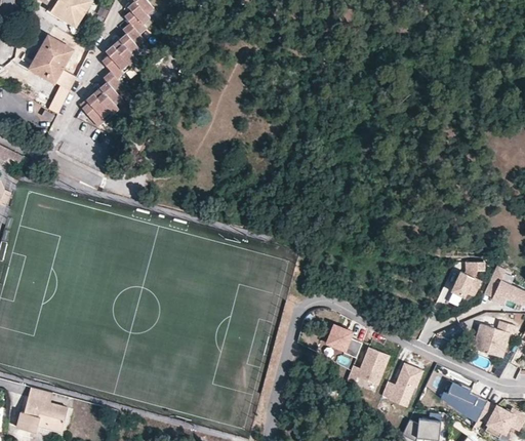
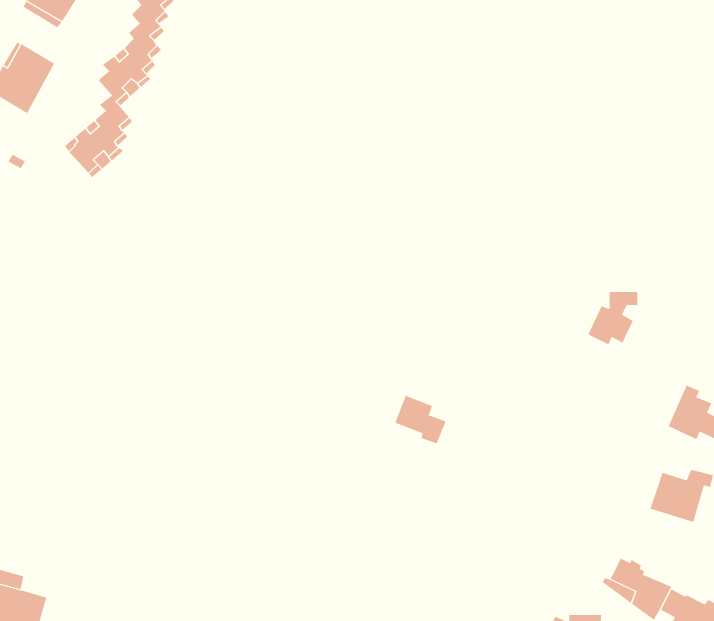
building: [450,263,484,298] -> [588,292,638,345]
building: [326,325,361,358] -> [394,395,446,444]
building: [346,348,389,386] -> none
building: [381,363,422,407] -> none

